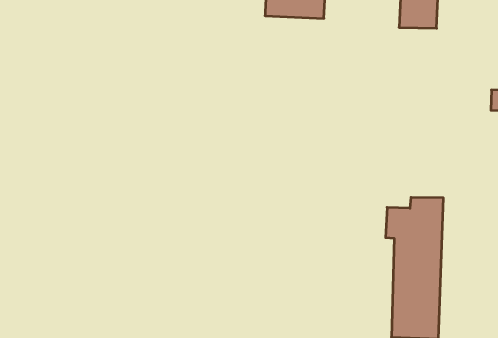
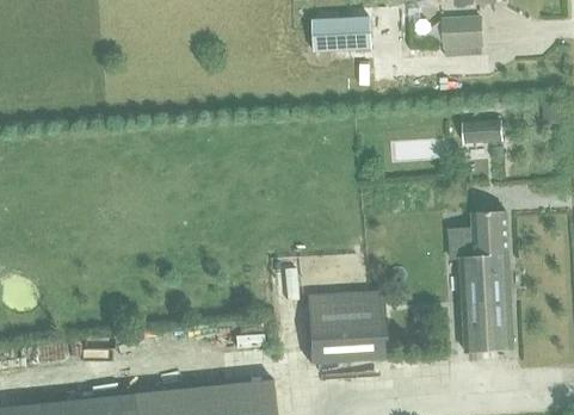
building: none -> [462,117,501,141]
building: none -> [307,299,387,361]

